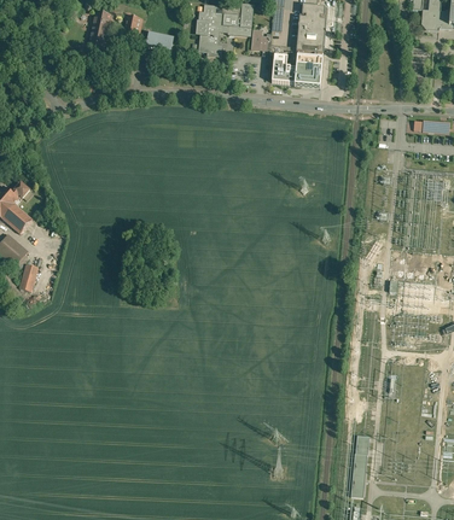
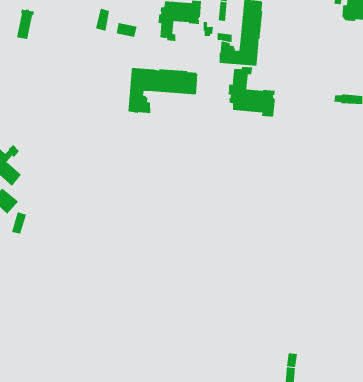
building: [89,10,112,47] -> [16,9,35,39]
building: none -> [228,66,276,117]
building: none -> [128,67,198,114]

